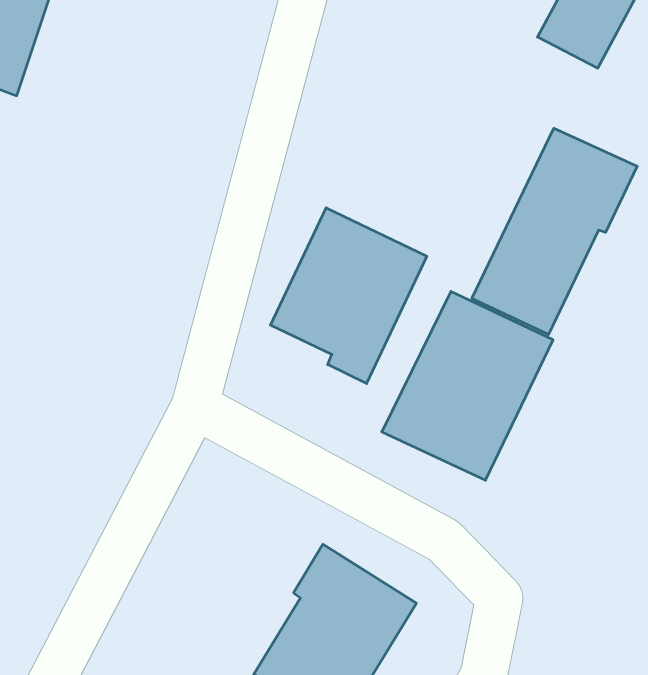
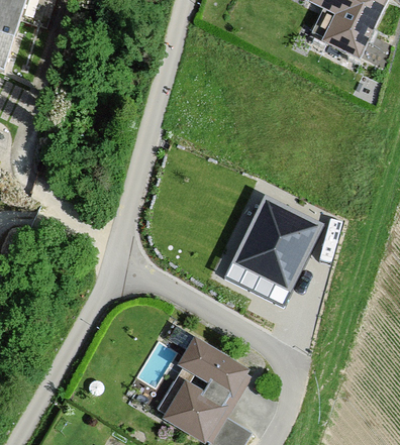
building: [472,128,637,335] -> none
building: [270,208,427,384] -> none

